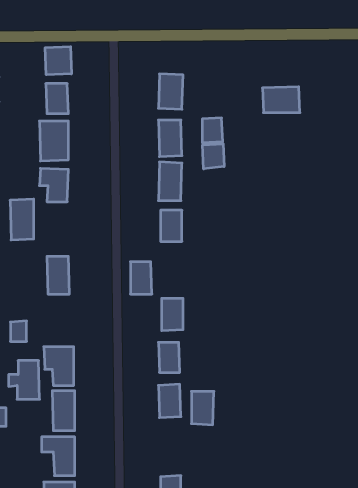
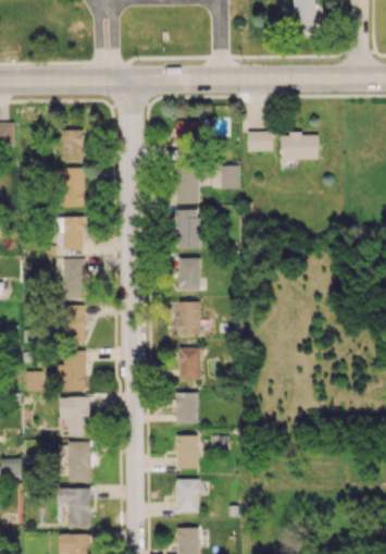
building: [45,47,71,75] -> none
building: none -> [247,132,272,152]
building: [203,144,224,169] -> none
building: [10,199,34,240] -> [62,259,86,300]
building: [130,262,152,294] -> [178,303,200,335]
building: [9,361,40,399] -> [54,352,86,391]
building: [191,391,214,425] -> [176,480,199,514]

